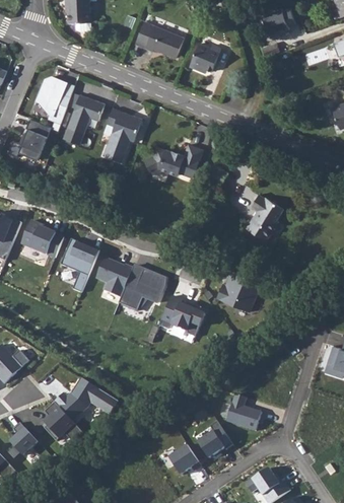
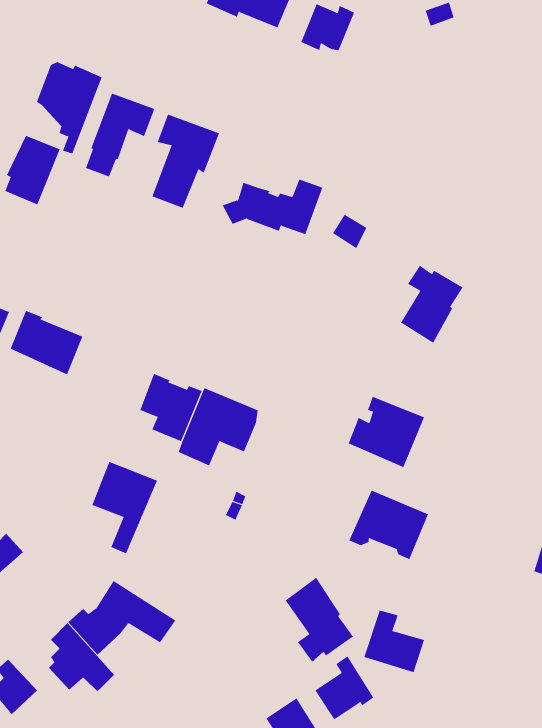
building: [61,239,99,293] -> [91,461,158,554]
building: [159,296,206,337] -> [348,490,429,560]
building: none -> [285,577,354,662]

